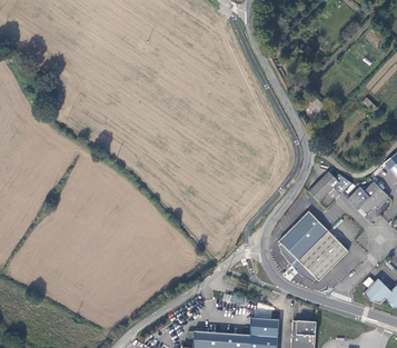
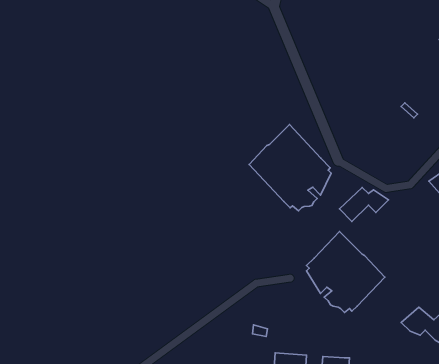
building: none -> [249,125,331,211]
building: [347,181,388,213] -> none

